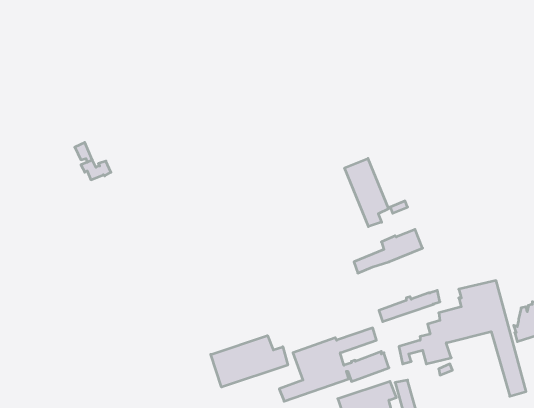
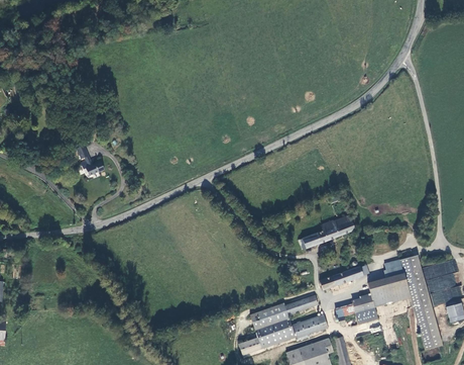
building: [345,158,388,227] -> none
building: [211,336,288,387] -> none

